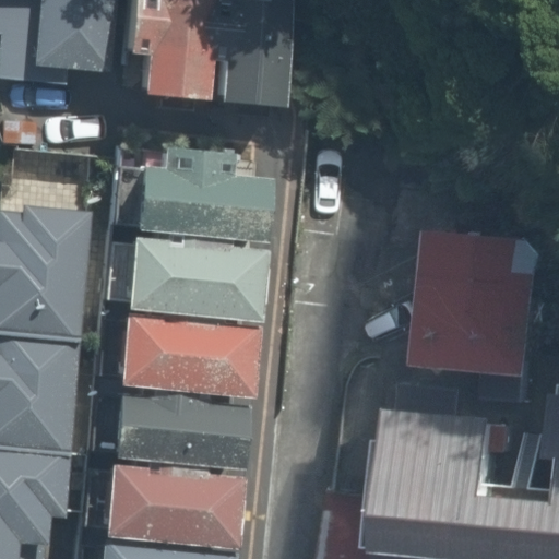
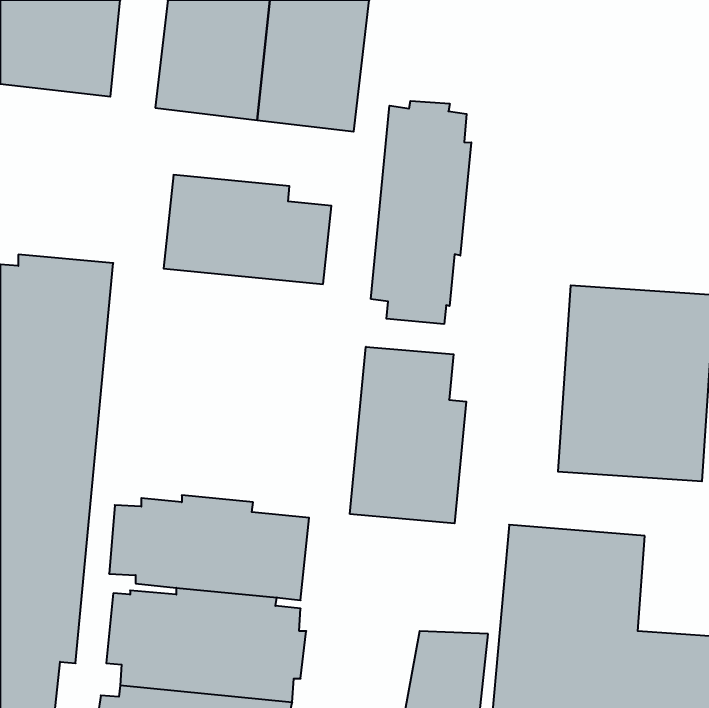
building: none -> [371,101,471,324]
building: [123,215,257,313] -> none
building: none -> [350,347,466,523]
building: [96,313,261,402] -> none

